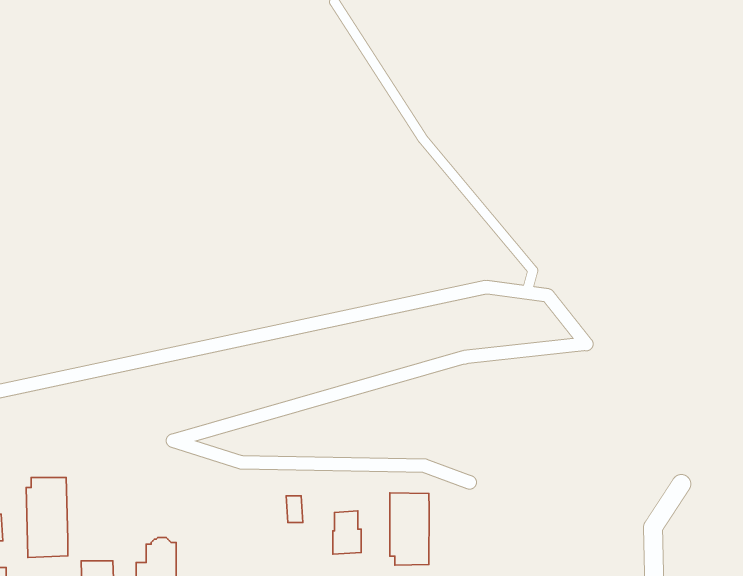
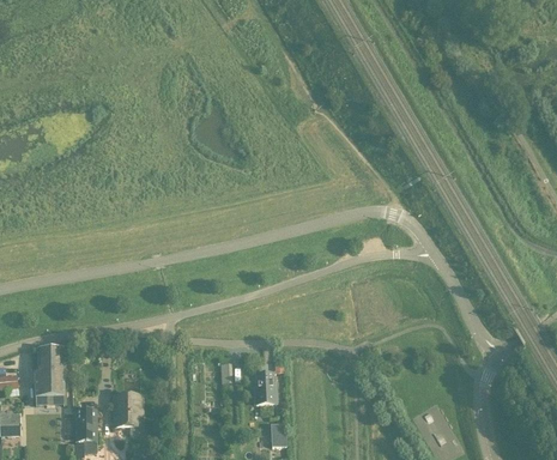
building: [390,493,429,565] -> none

